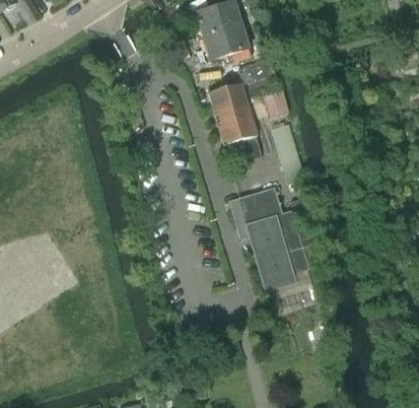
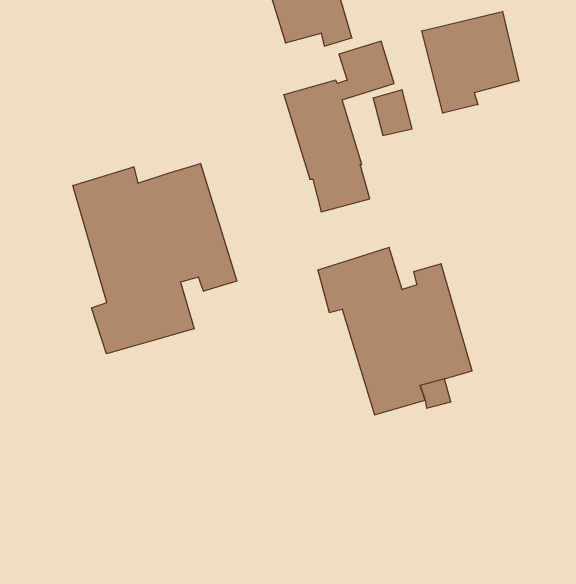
building: none -> [422,11,519,113]
building: none -> [73,163,237,354]

